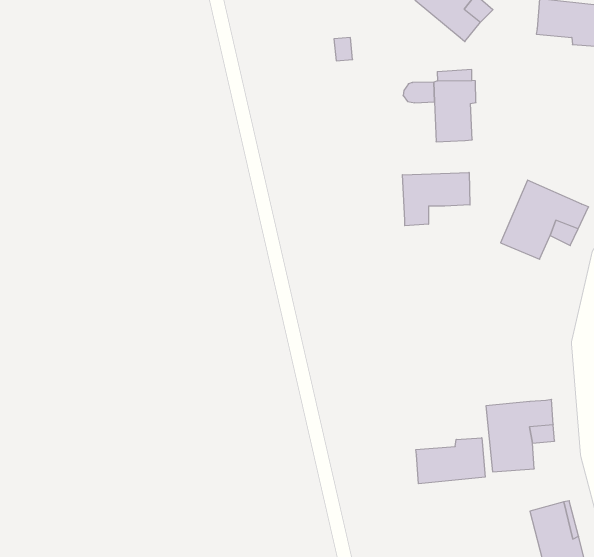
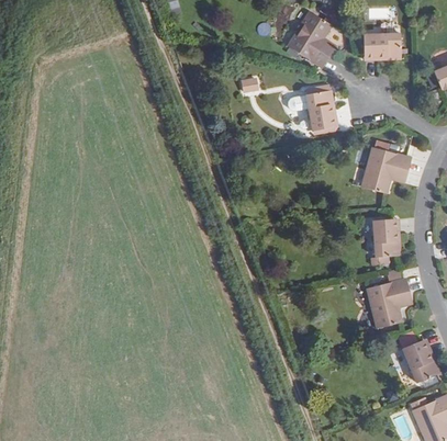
building: [402,172,470,226] -> none
building: none -> [373,218,401,263]
building: [416,438,485,484] -> none

